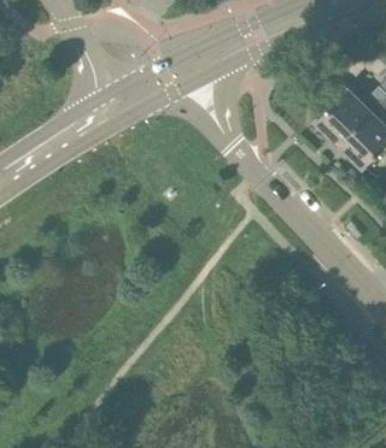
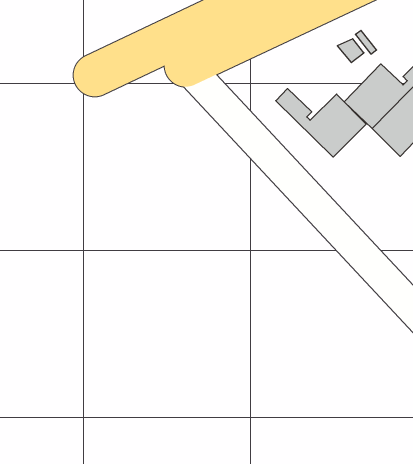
building: none -> [276,89,366,157]

